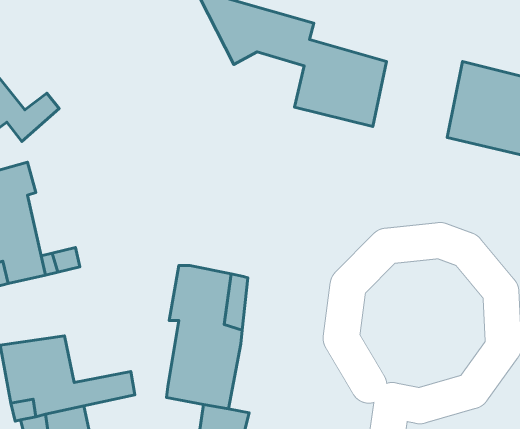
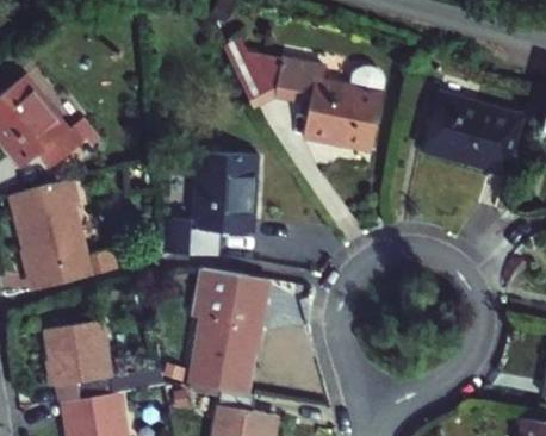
building: none -> [159,161,260,260]

